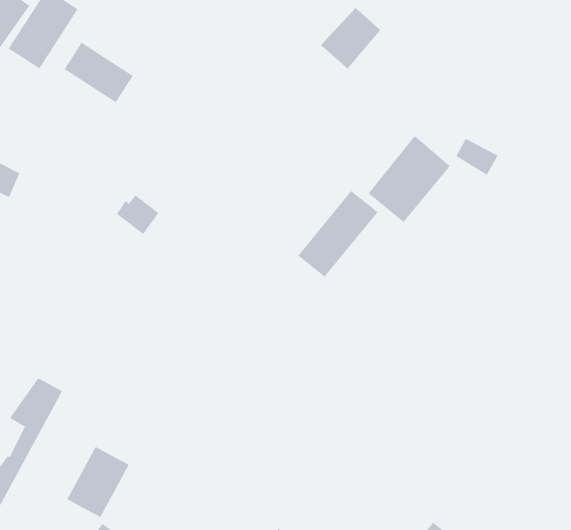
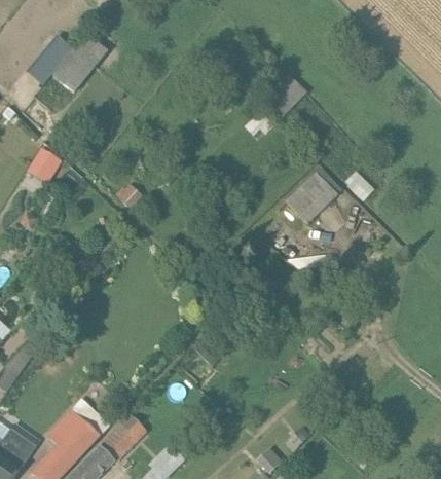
building: [64,42,134,103] -> none
building: [297,190,378,278] -> none
building: [66,446,130,518] -> none

